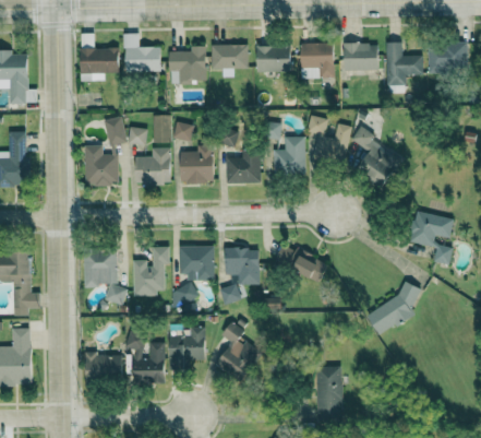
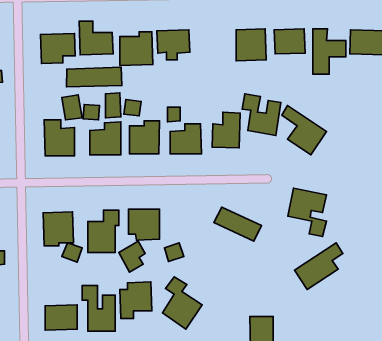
building: [256,46,291,72] -> none
building: none -> [66,67,122,87]
building: [409,211,453,265] -> [288,188,327,237]
building: [225,248,258,285] -> none

